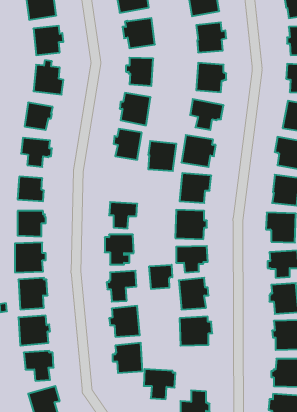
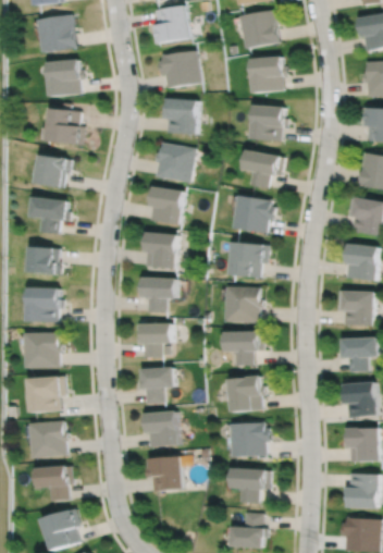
building: [148,141,176,171] -> [145,234,180,271]
building: [149,265,172,289] -> none
building: [144,369,175,399] -> [230,466,269,503]

